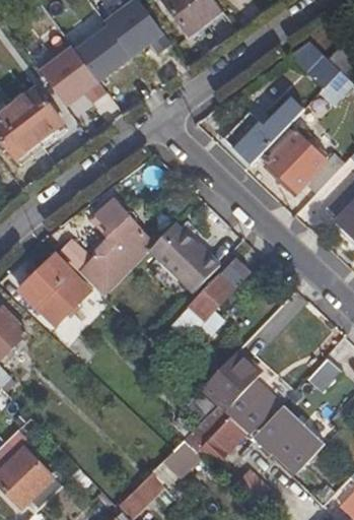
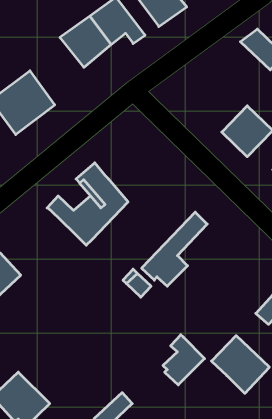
building: [42,49,110,110] -> none
building: [224,101,299,162] -> none
building: [150,222,218,291] -> none
building: [20,255,104,323] -> none
building: [201,351,280,434] -> none
building: [166,441,207,481] -> none

